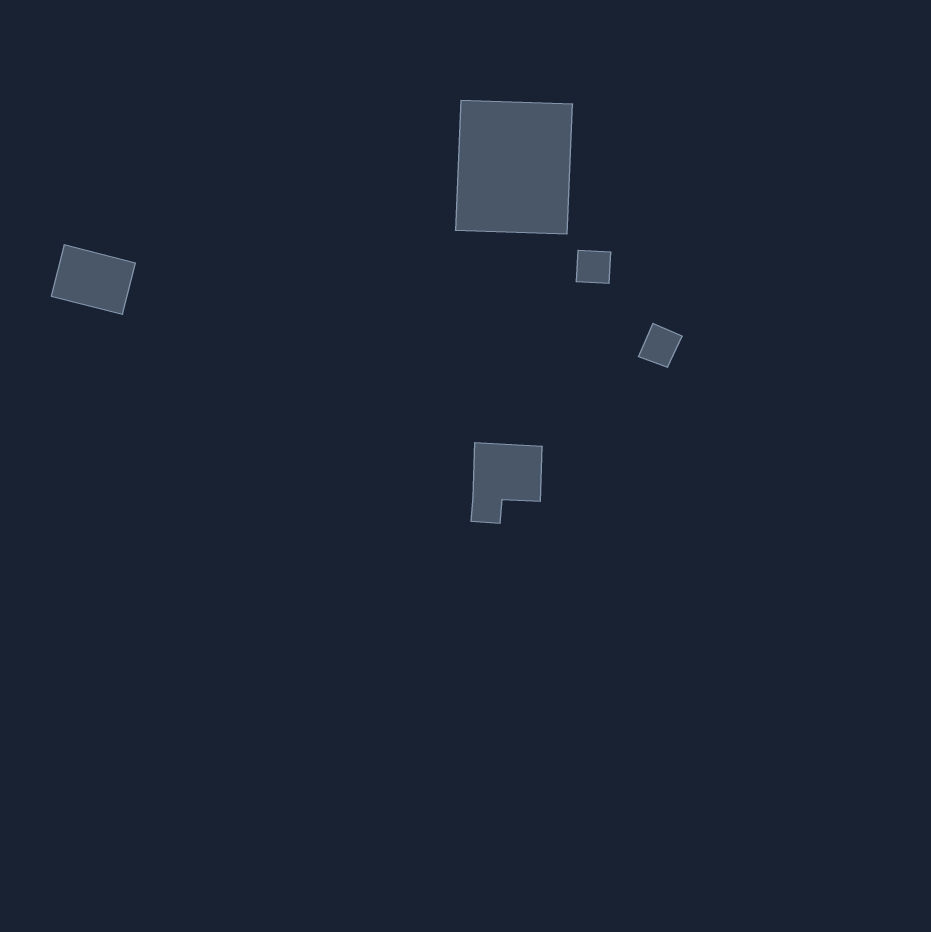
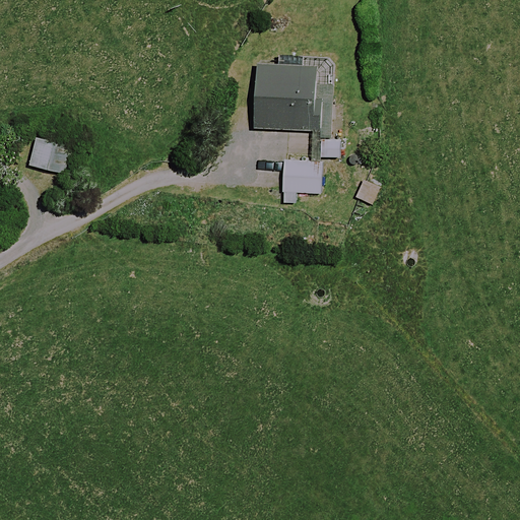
building: [471,443,542,523] -> [281,160,321,205]

